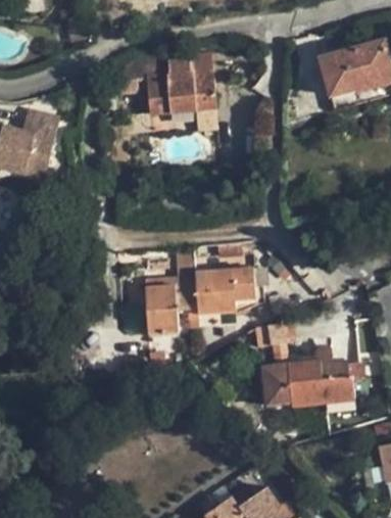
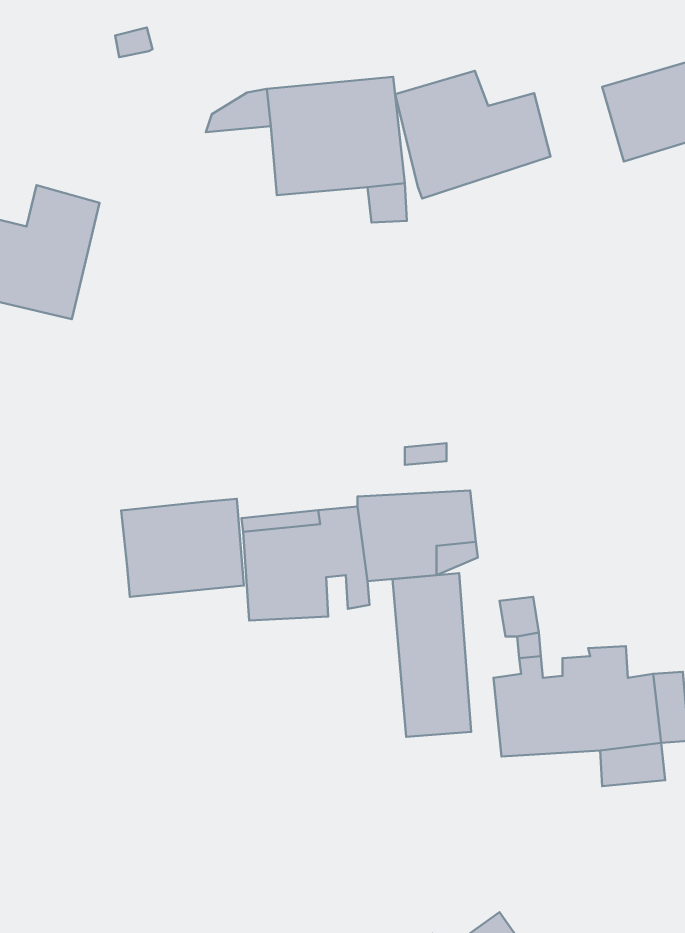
building: none -> [395,71,550,199]
building: none -> [121,499,244,597]
building: none -> [393,573,471,737]

